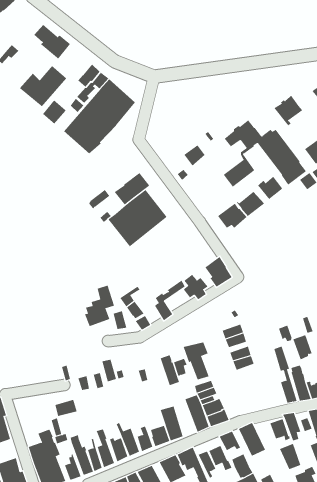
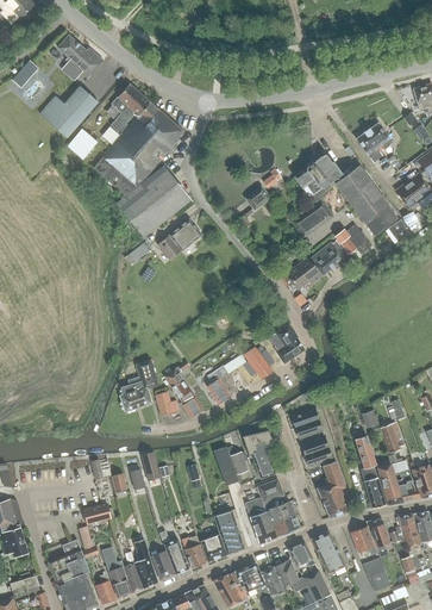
building: [107,189,168,247] -> [115,166,190,238]
building: none -> [315,461,348,518]

